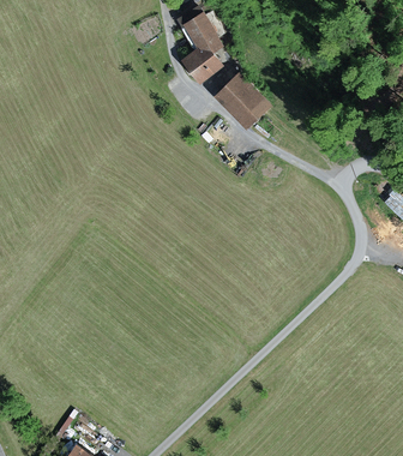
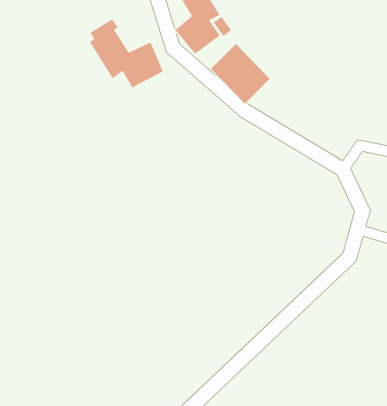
building: none -> [89,18,164,88]

